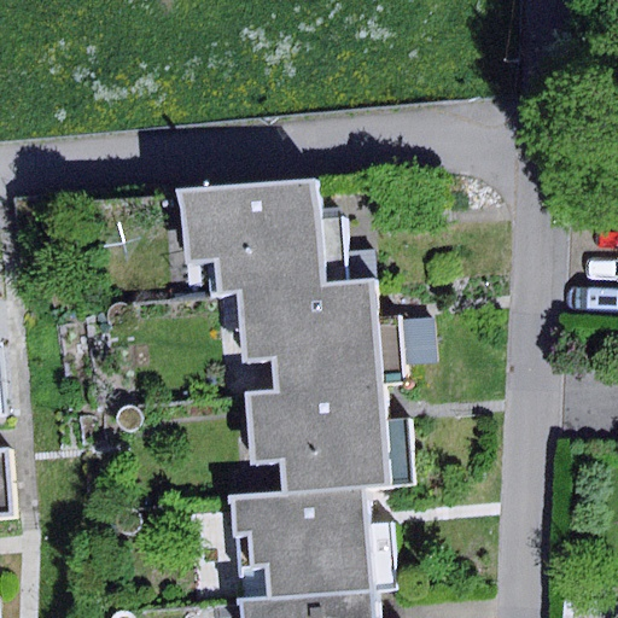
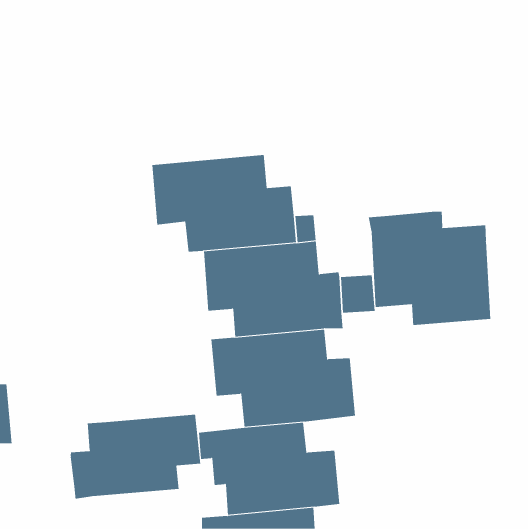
building: none -> [368,211,491,326]
building: none -> [70,414,201,500]

